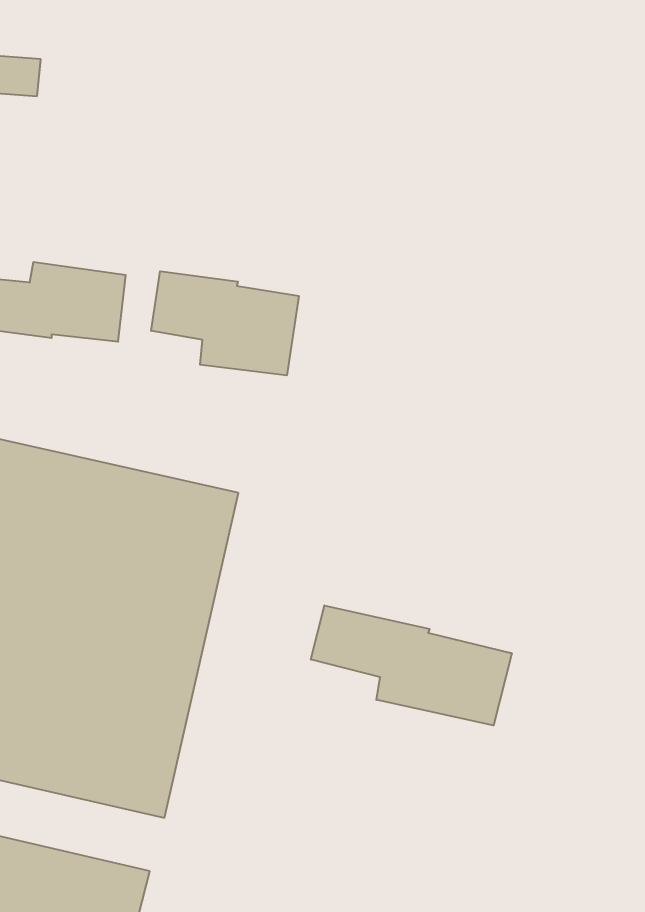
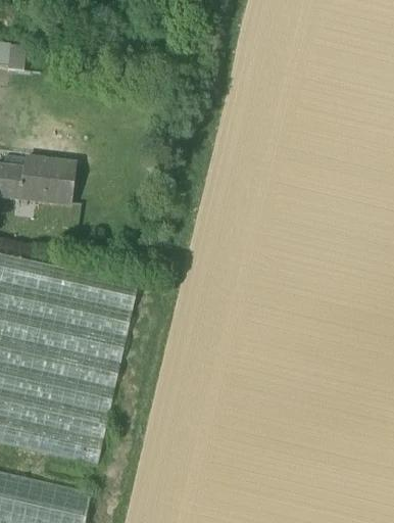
building: [151,271,299,375] -> none
building: [311,605,512,725] -> none

